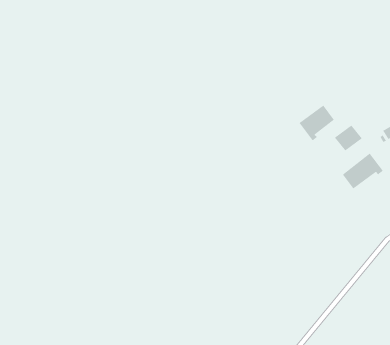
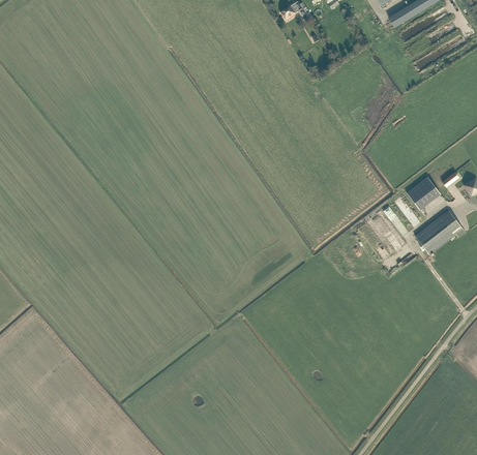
building: [299,105,335,141] -> none

